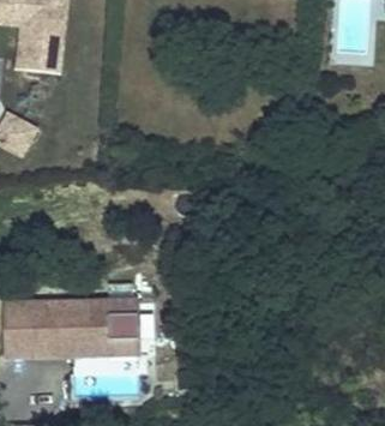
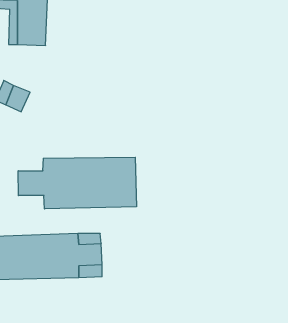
building: none -> [18,157,136,209]

